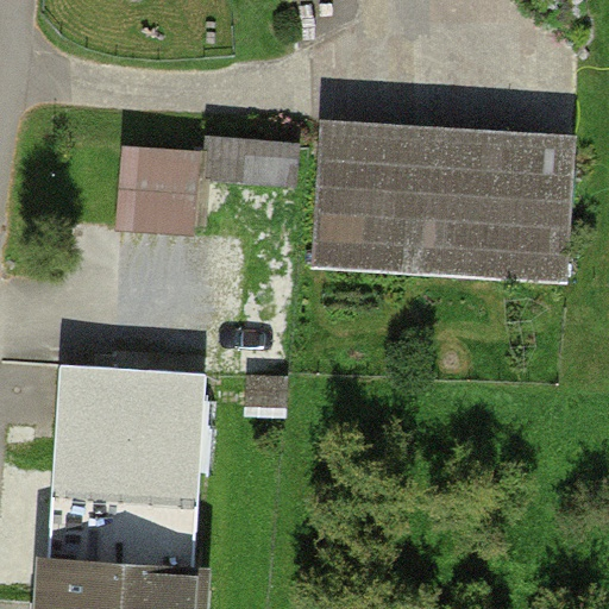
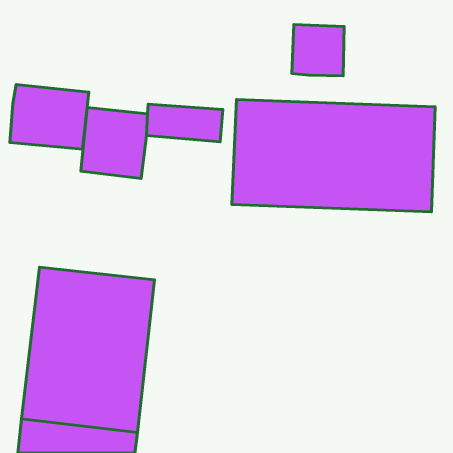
building: none -> [292,24,344,76]
building: none -> [10,85,89,149]

